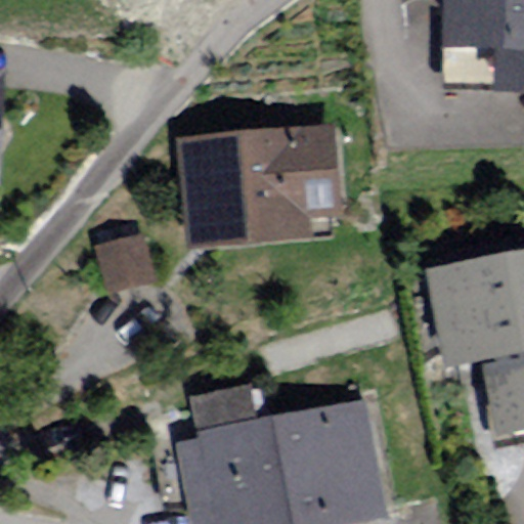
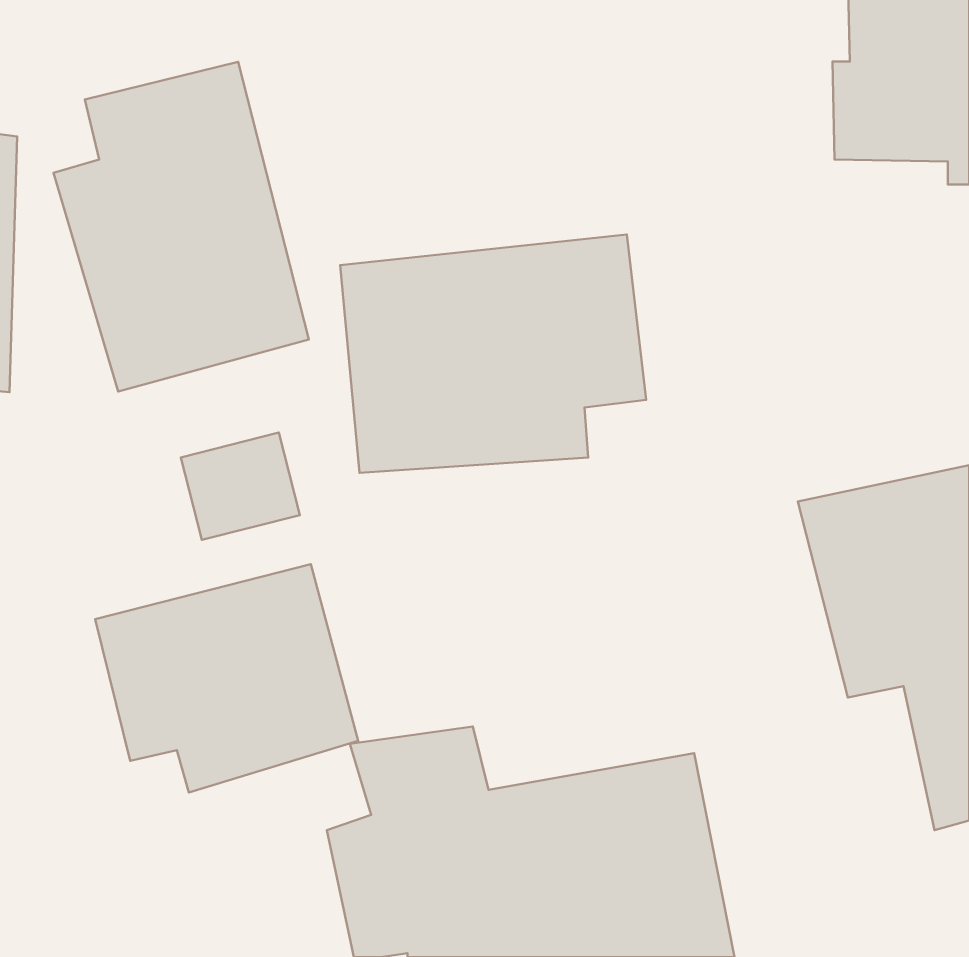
building: none -> [54,62,309,391]
building: none -> [95,564,358,792]

